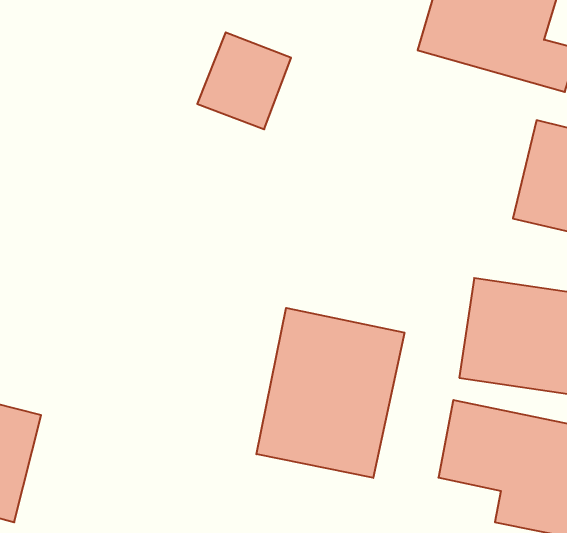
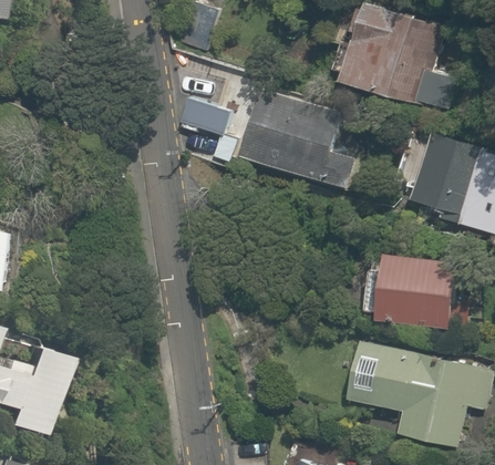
building: none -> [243,86,342,175]
building: [256,308,404,478] -> none

